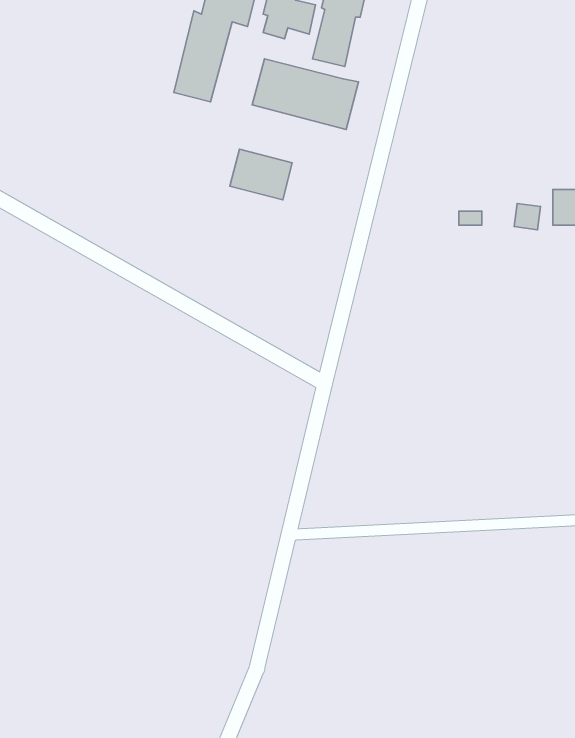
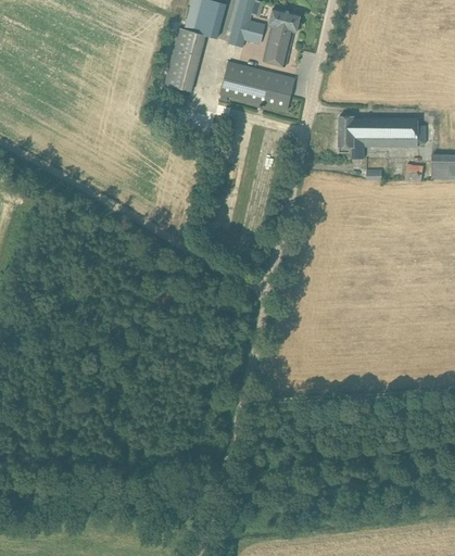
building: none -> [339,115,427,157]
building: [230,149,292,200] -> none

